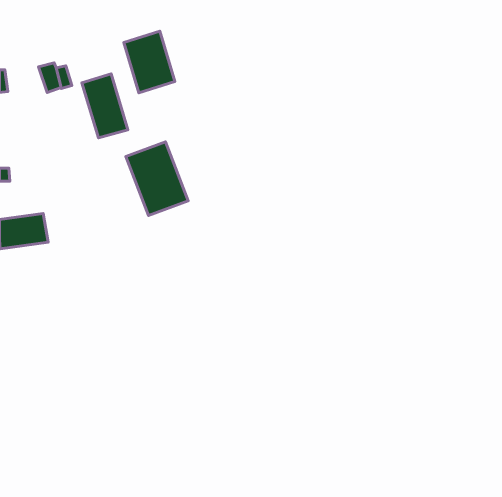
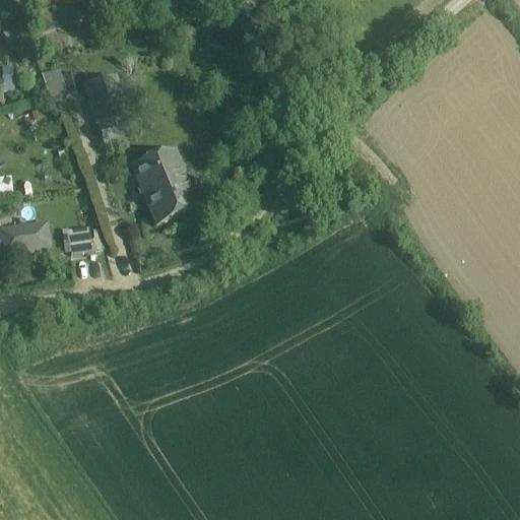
building: [124,31,175,93] -> none
building: none -> [66,223,93,251]

